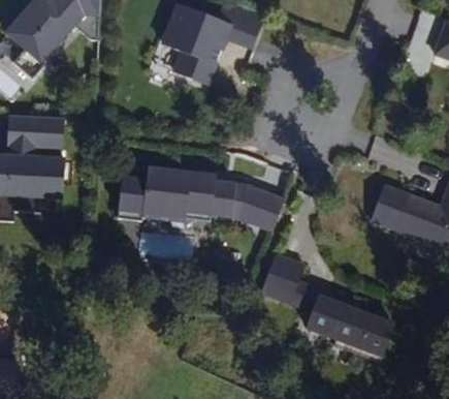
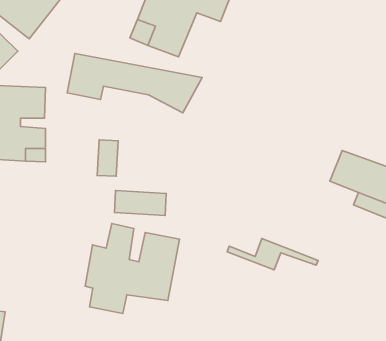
building: [145,172,290,236] -> [67,54,202,113]
building: [261,254,302,301] -> none
building: none -> [85,223,180,313]
building: [306,297,392,355] -> none

